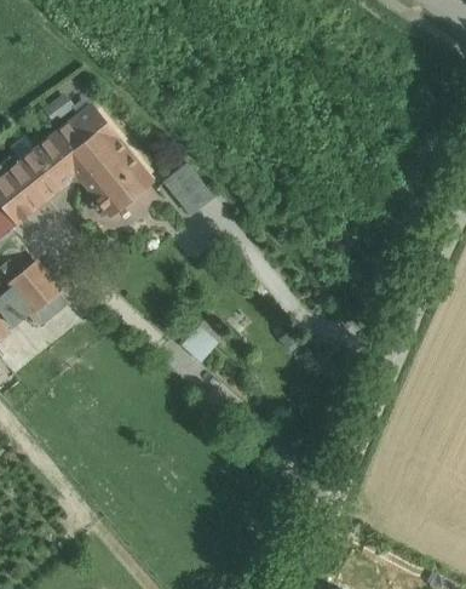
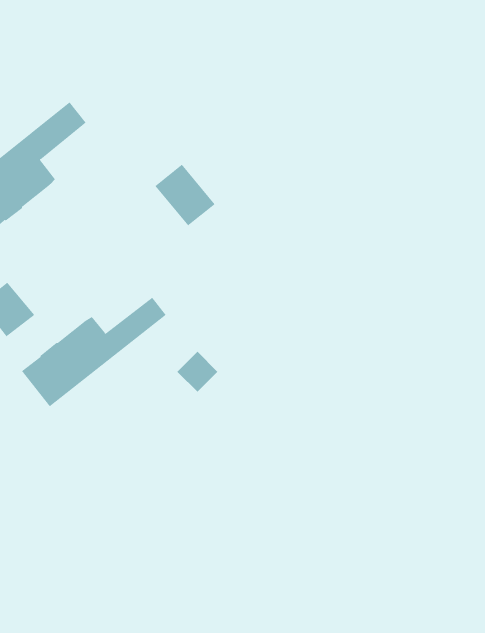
building: [64,124,151,215] -> none
building: none -> [21,297,166,407]

